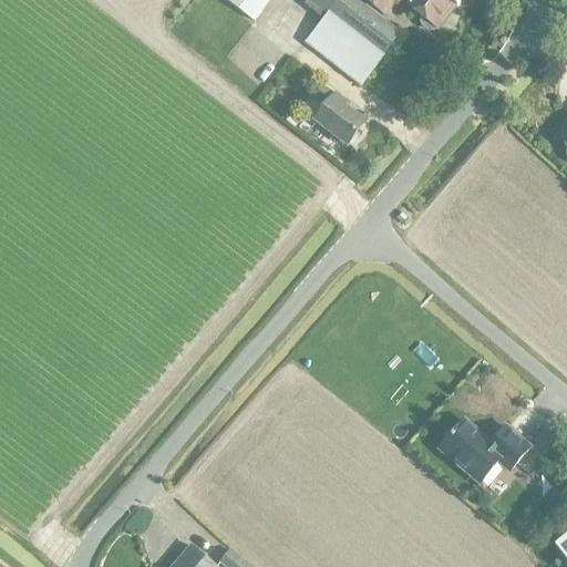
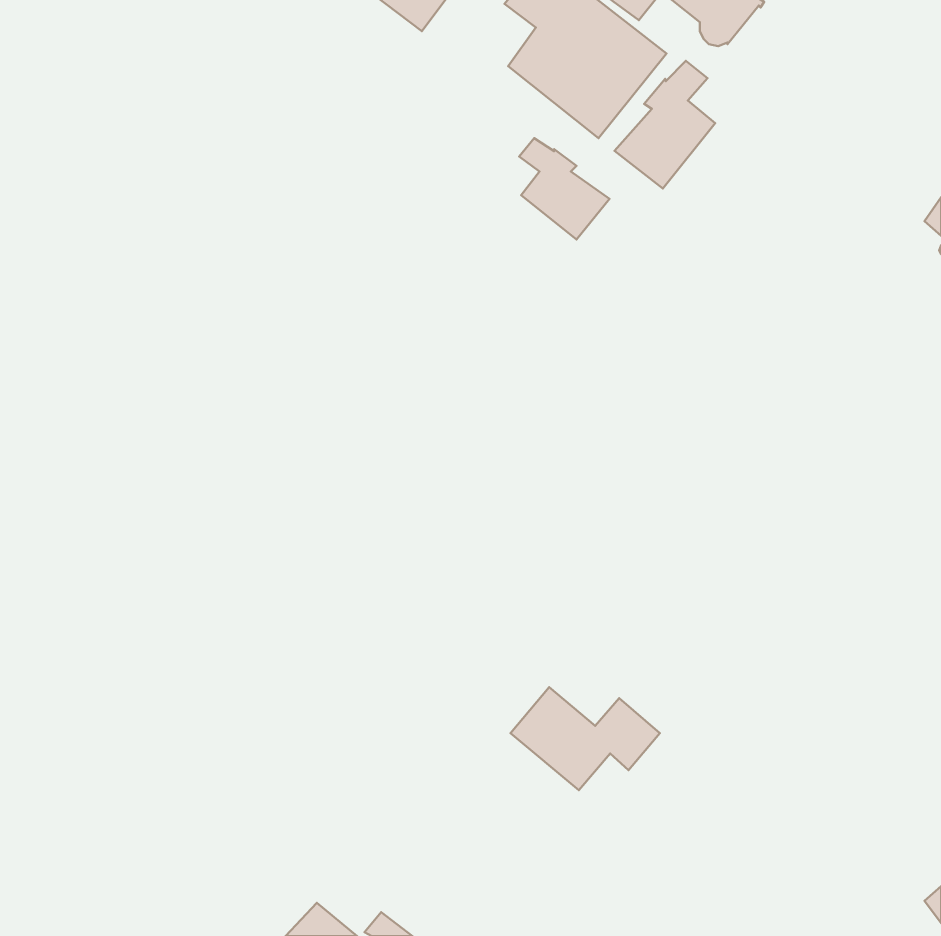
building: none -> [614,61,715,189]
building: [440,419,529,481] -> [511,687,660,790]

